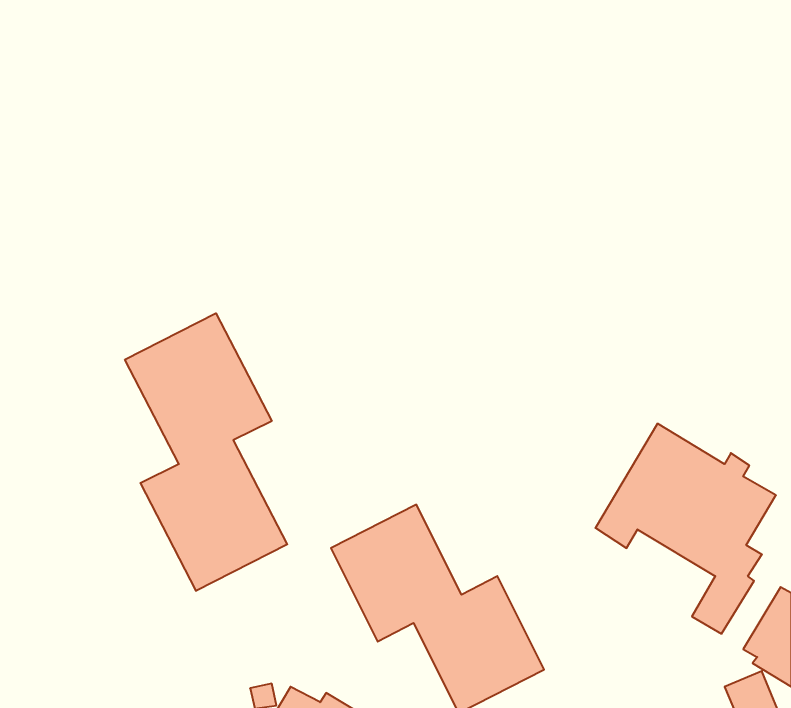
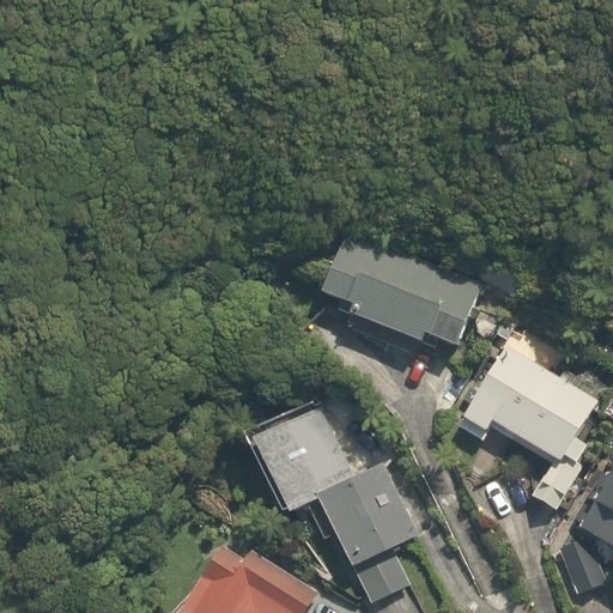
building: none -> [322,231,481,352]
building: [125,313,287,591] -> none

